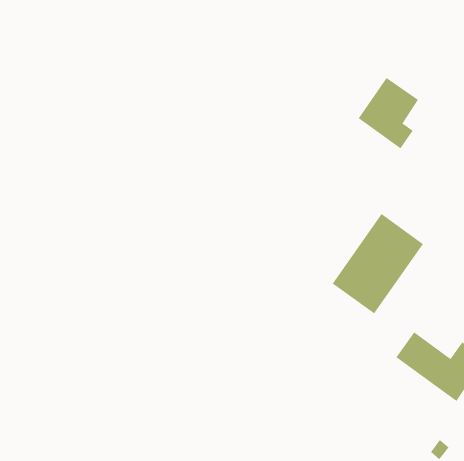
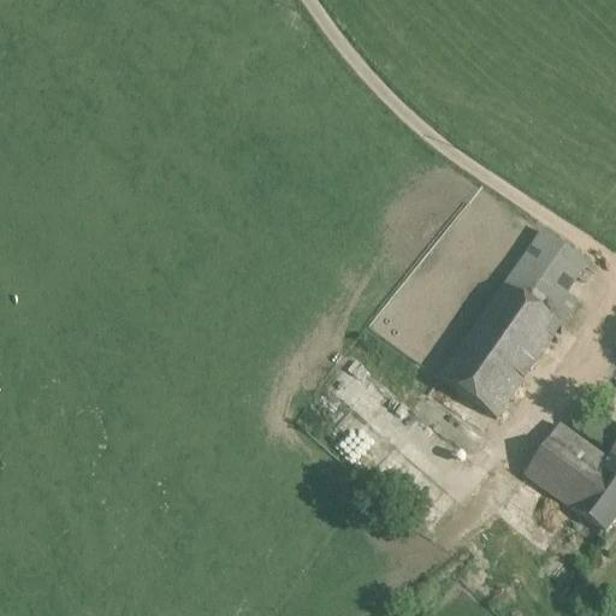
building: [358,77,419,149] -> [505,227,586,322]
building: none -> [549,422,608,473]

